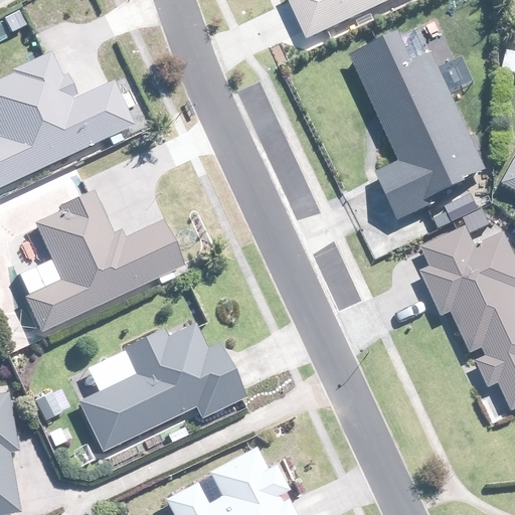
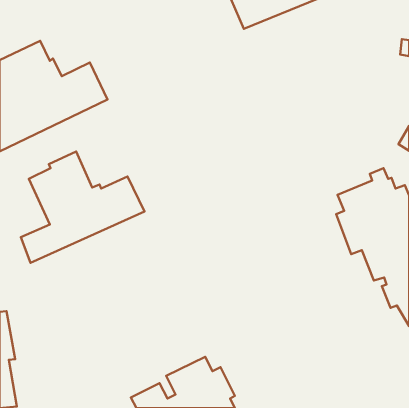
building: [350,22,492,221] -> none
building: [78,324,245,451] -> none

